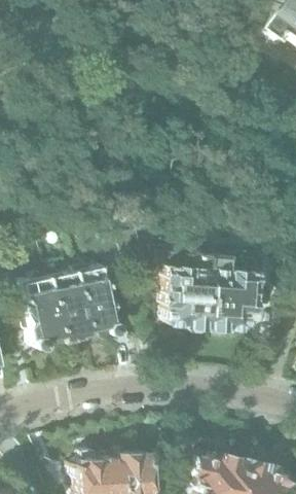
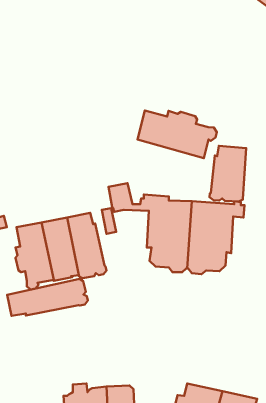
building: none -> [137,111,217,158]
building: none -> [210,146,246,202]
building: none -> [7,279,88,316]

